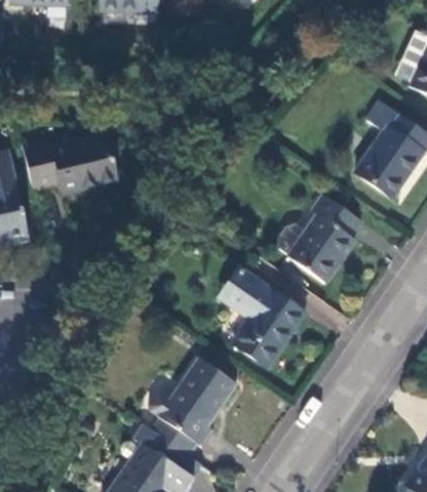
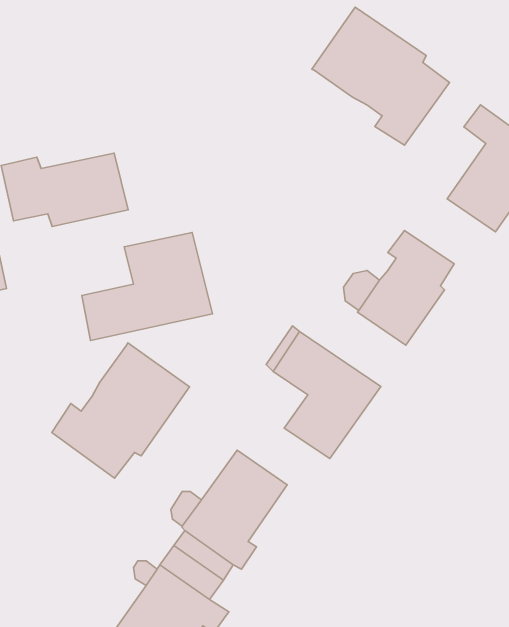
building: none -> [312,7,449,145]
building: none -> [82,232,213,340]
building: none -> [52,343,190,478]

